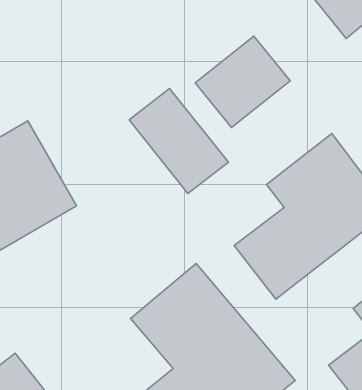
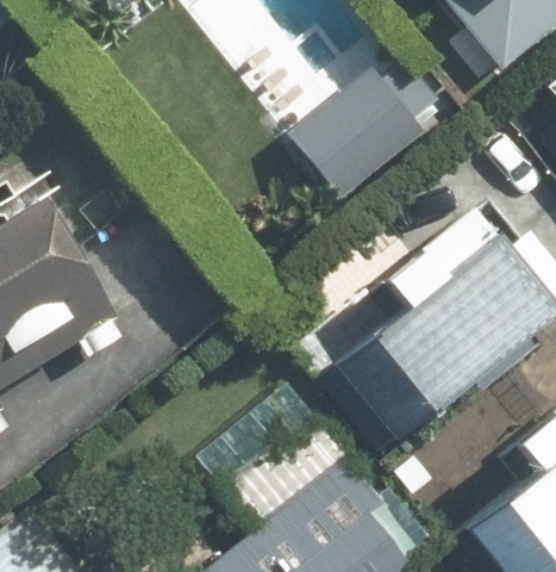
building: [129,88,228,194] -> none

